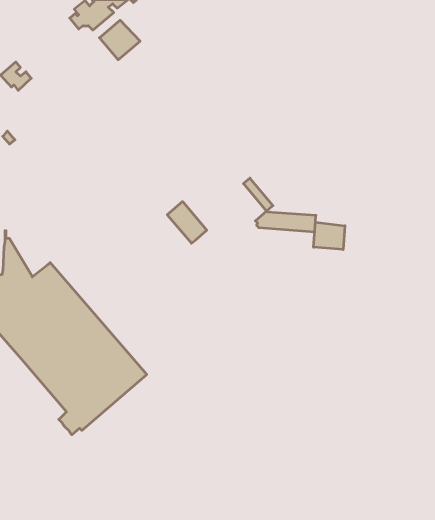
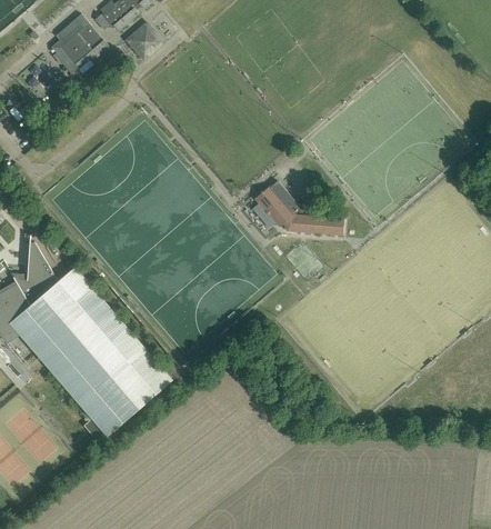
building: none -> [50,14,107,73]
building: [167,202,207,243] -> [252,186,292,228]
building: [314,222,345,250] -> none

